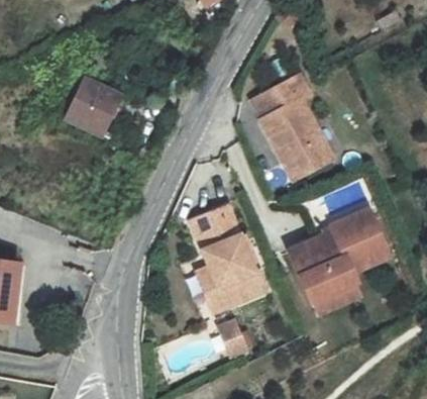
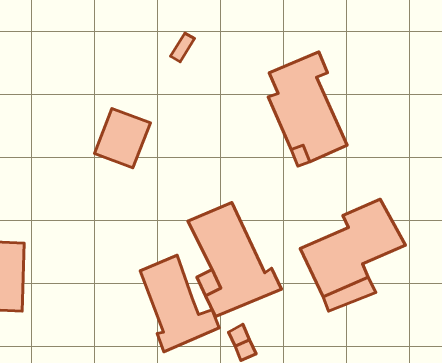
building: [76,69,127,123] -> [94,108,150,168]
building: none -> [140,255,219,352]

